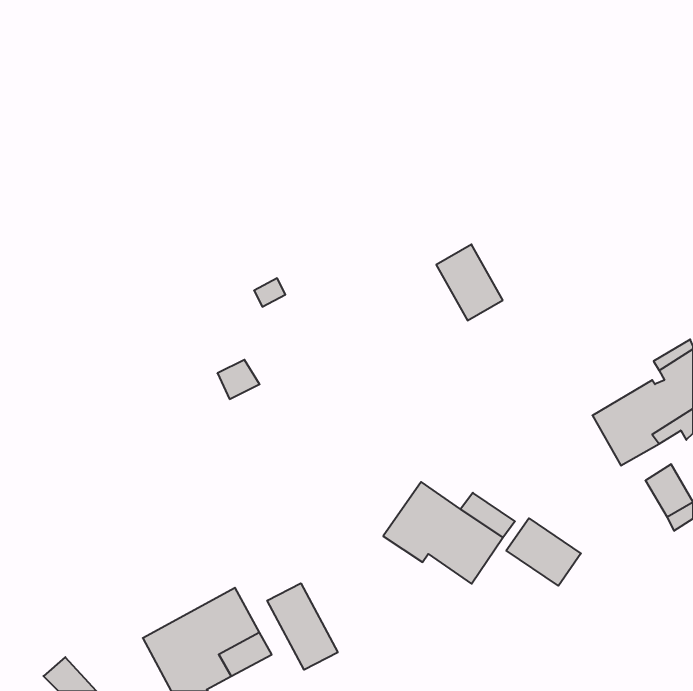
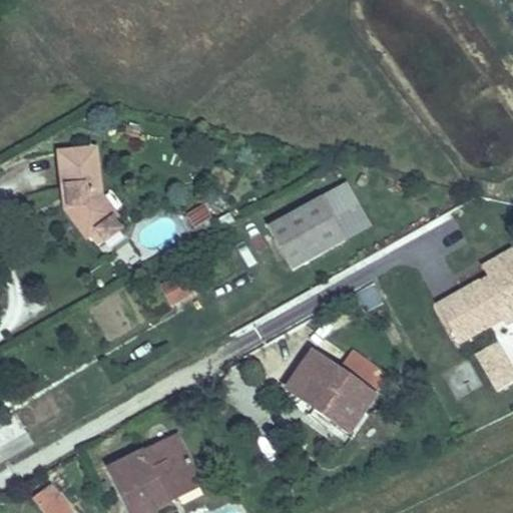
building: none -> [60,145,117,236]
building: none -> [270,195,345,267]
building: [506,518,581,586] -> none
building: [267,583,338,670] -> none

